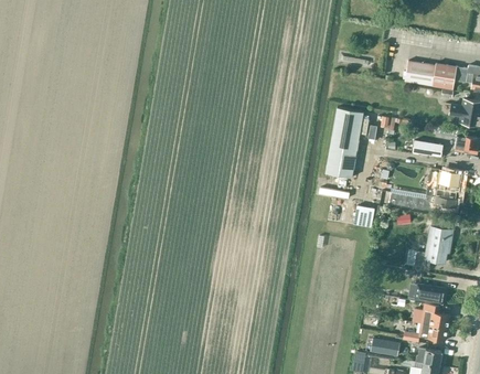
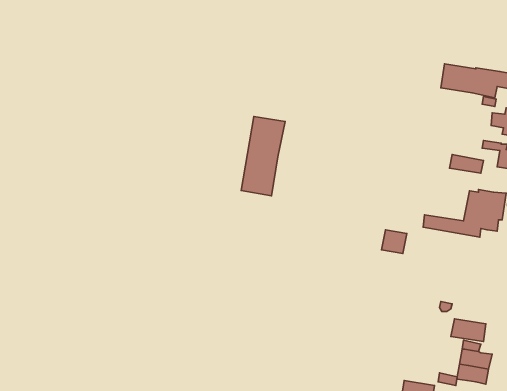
building: [326,107,364,177] -> [241,117,285,196]
building: [414,225,454,267] -> none

